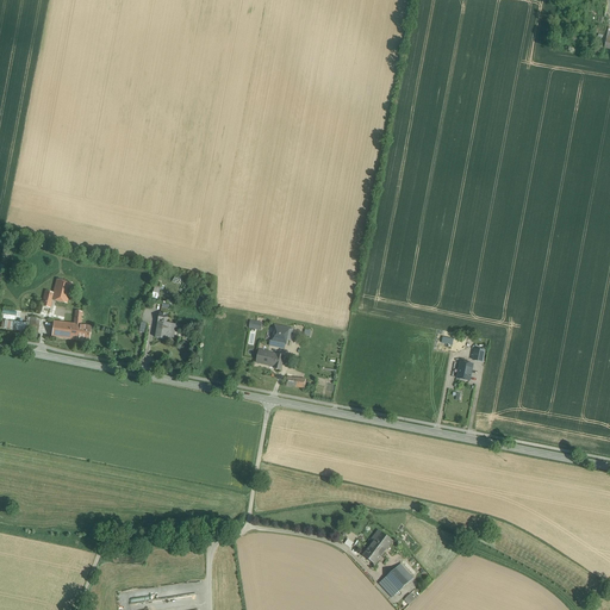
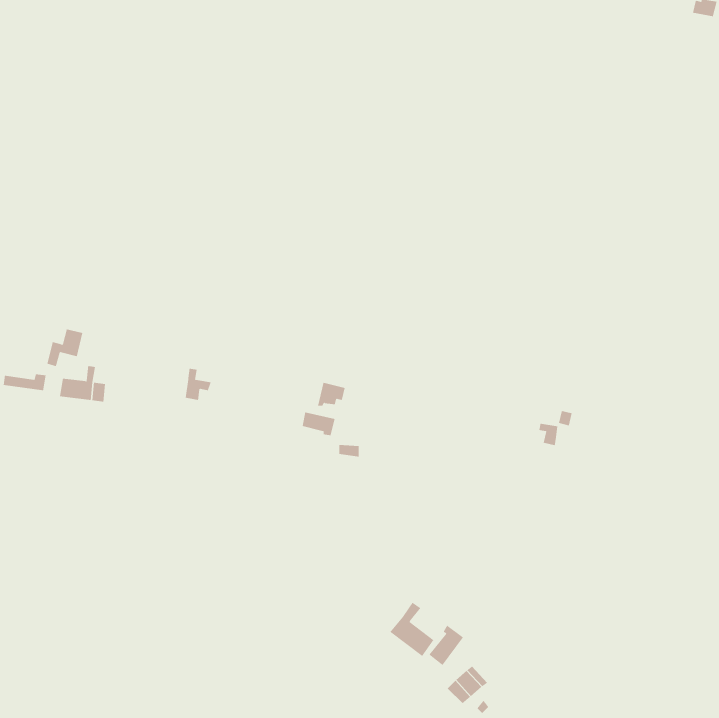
building: none -> [389,602,434,657]

